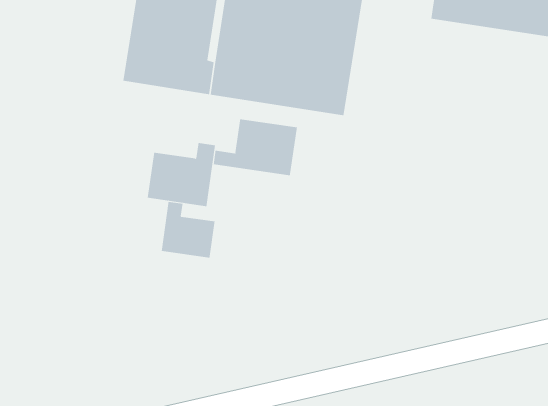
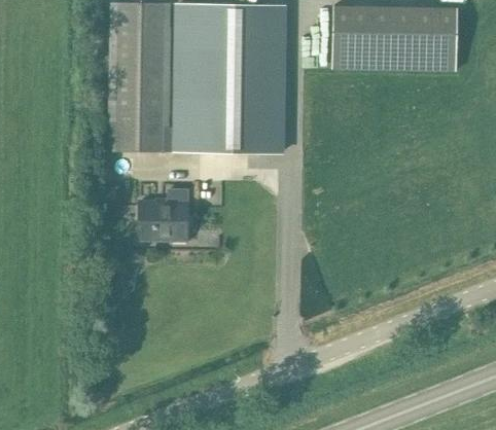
building: [213,119,297,176] -> none
building: [161,201,215,258] -> none

